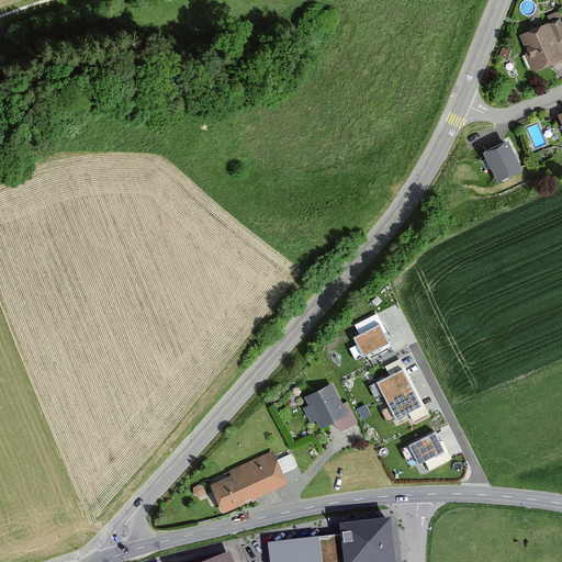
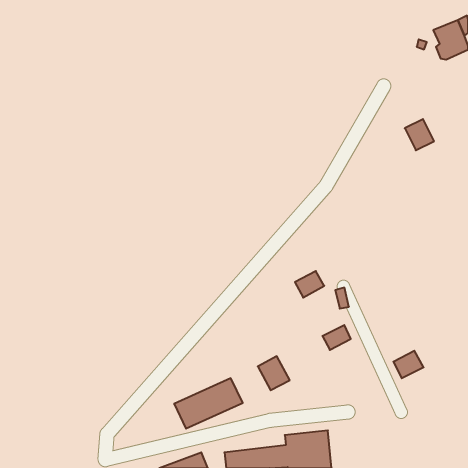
building: [376,369,413,403] -> none
building: [304,384,342,425] -> [258,356,290,390]
building: [408,431,445,464] -> [393,351,424,378]

